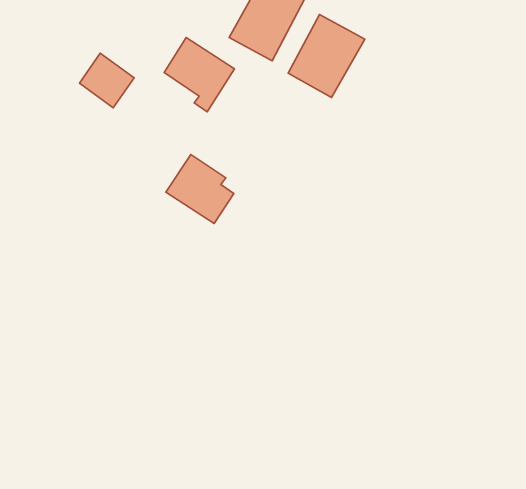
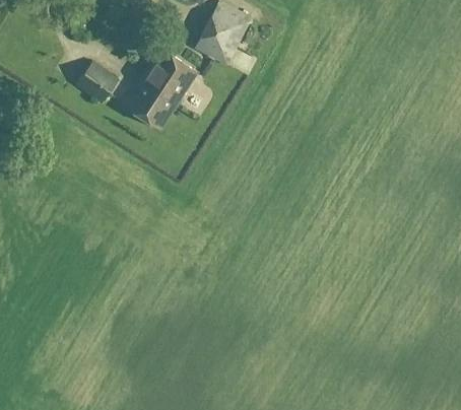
building: [288,15,365,98] -> none
building: [166,154,234,224] -> [123,75,176,129]

